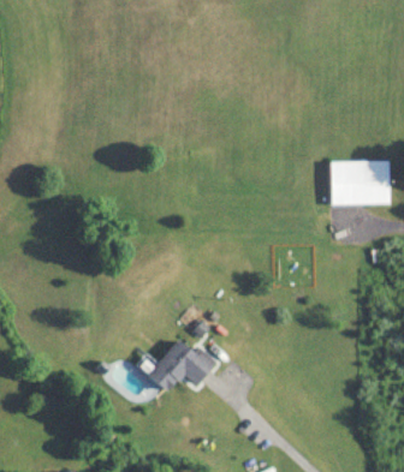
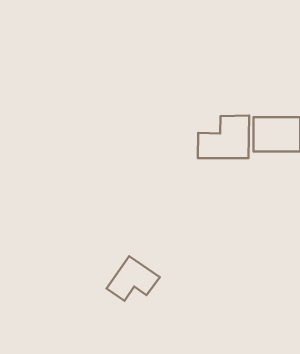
building: none -> [198,116,249,158]

